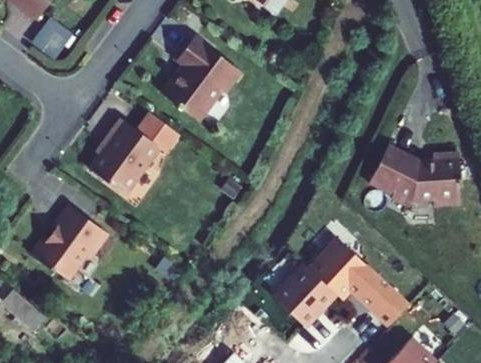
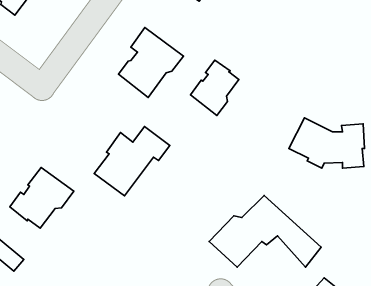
building: [32,16,74,59] -> none
building: none -> [190,60,239,115]
building: [88,110,180,194] -> [94,127,170,196]

